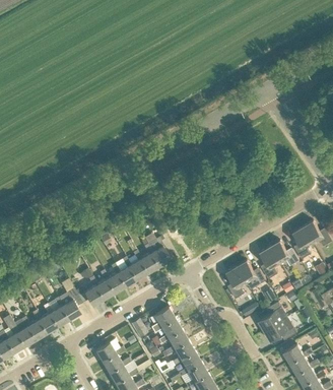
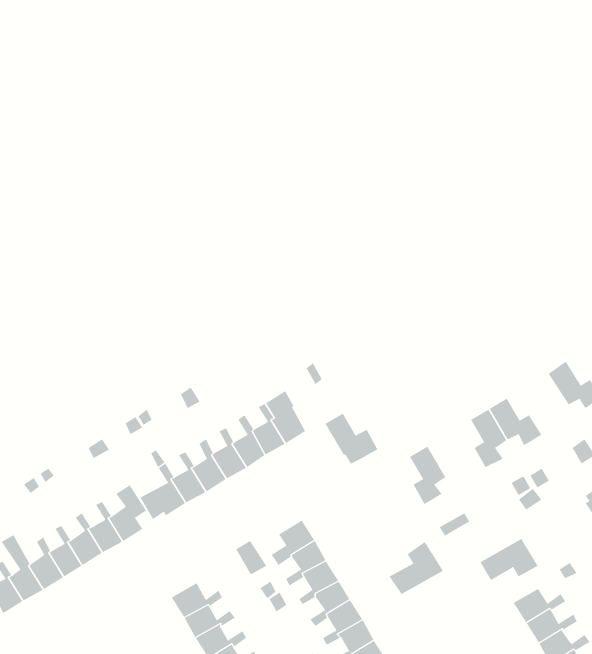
building: [292,229,314,261] -> none
building: [237,262,266,290] -> [325,413,378,464]
building: [258,303,288,332] -> [388,541,444,595]

